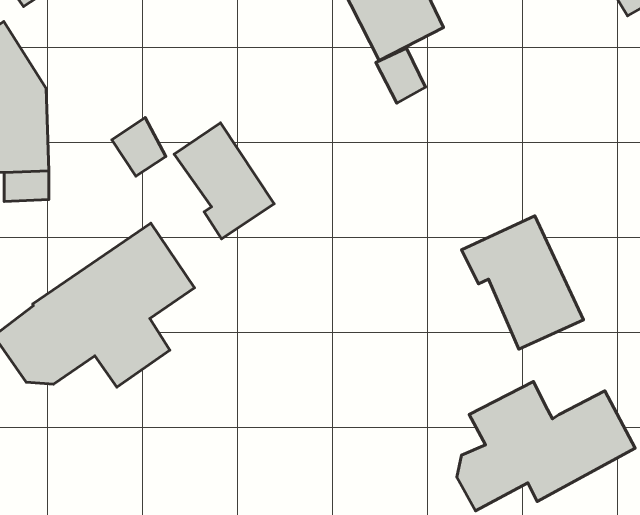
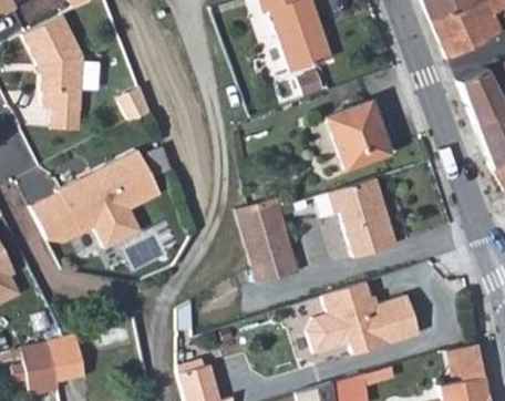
building: none -> [324,100,388,168]
building: [174,123,274,239] -> none
building: none -> [235,197,296,284]

